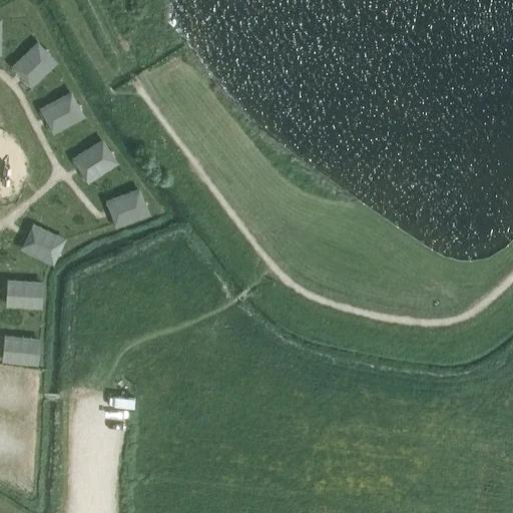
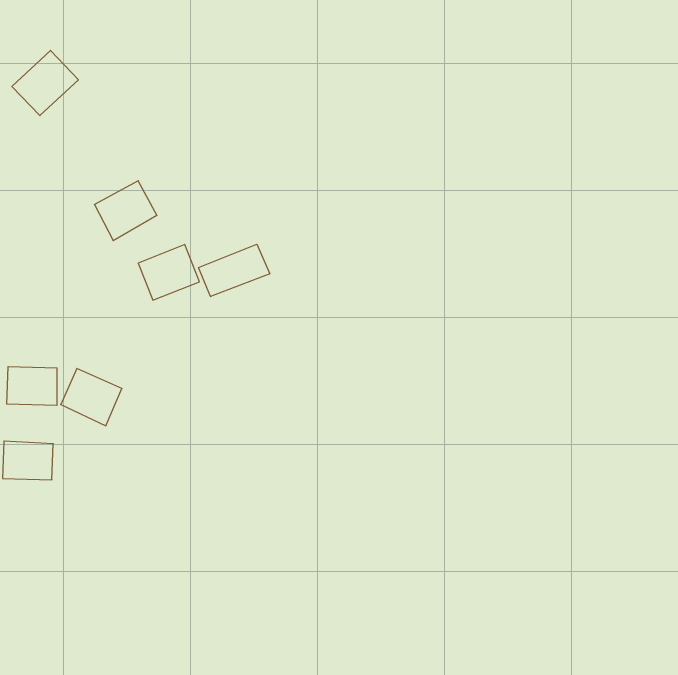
building: [38,91,86,135] -> none
building: none -> [199,244,270,297]
building: [20,223,66,267] -> [61,369,122,426]

